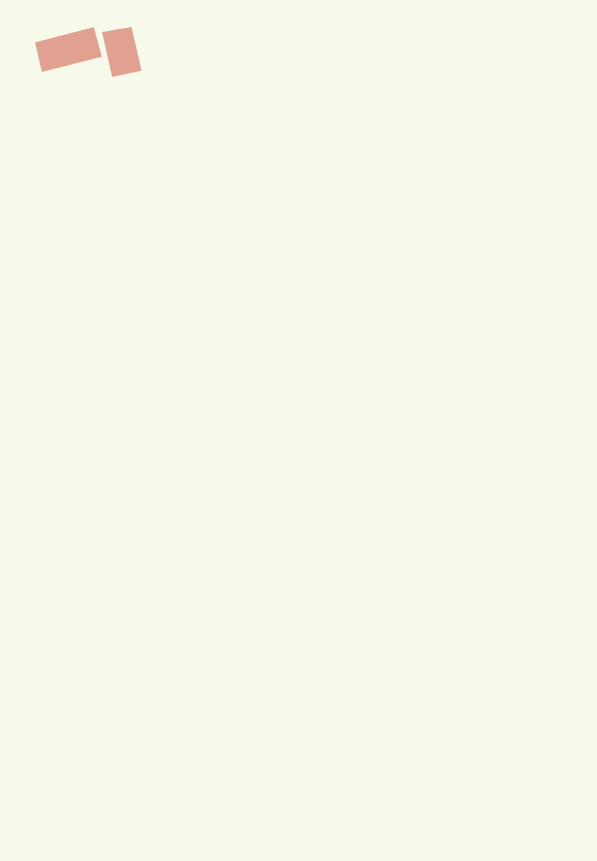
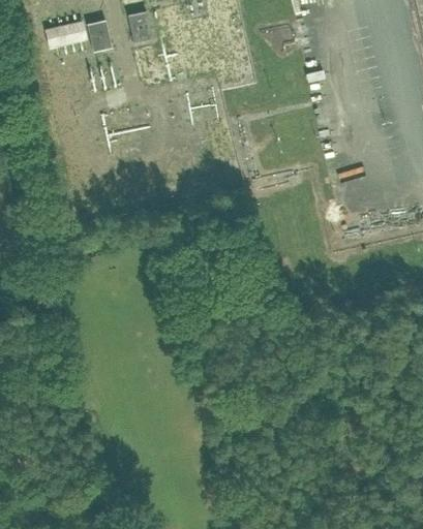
building: none -> [126,10,151,42]

